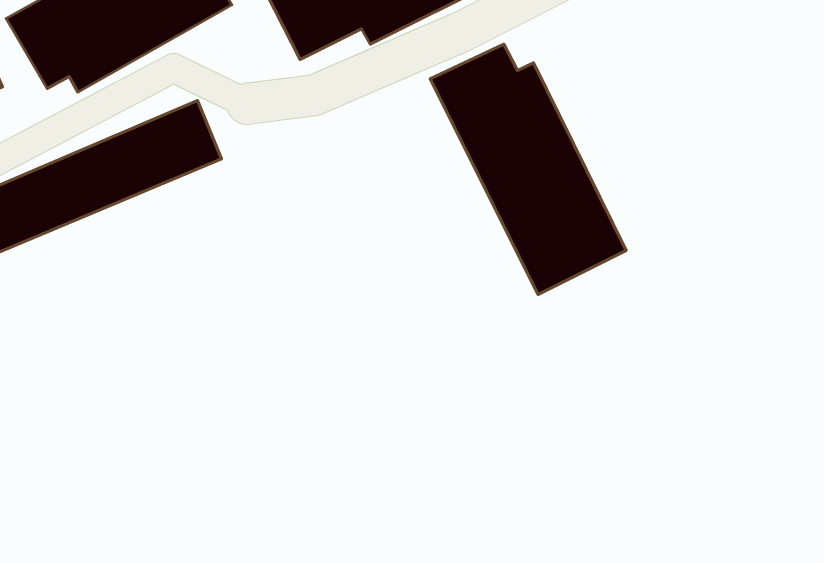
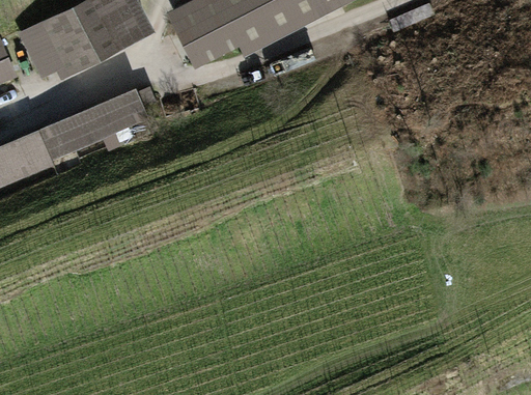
building: [430,44,626,295] -> none

